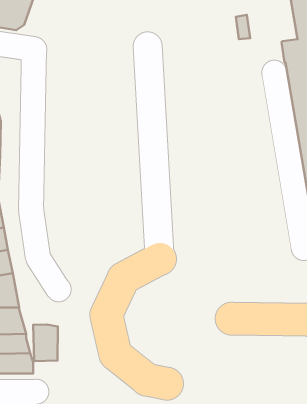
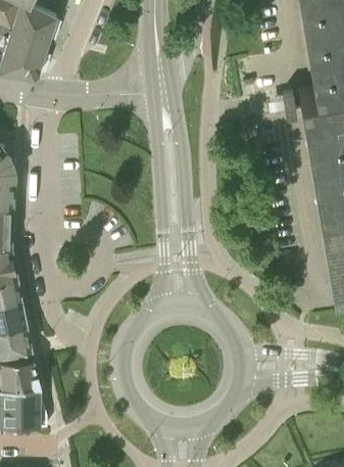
building: [33,324,58,361] -> none

